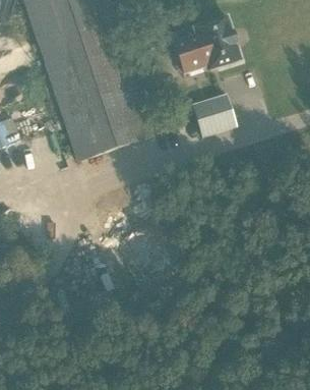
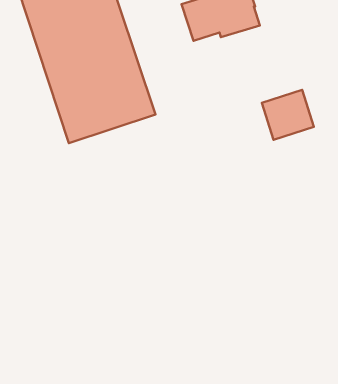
building: [189,94,234,136] -> [262,90,314,140]

